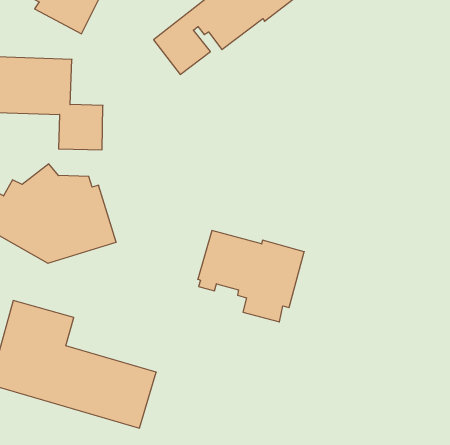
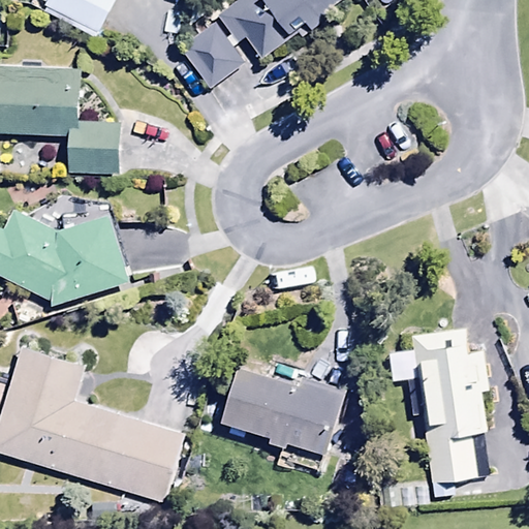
building: [198,231,304,322] -> [223,367,347,473]
building: none -> [406,315,481,489]

